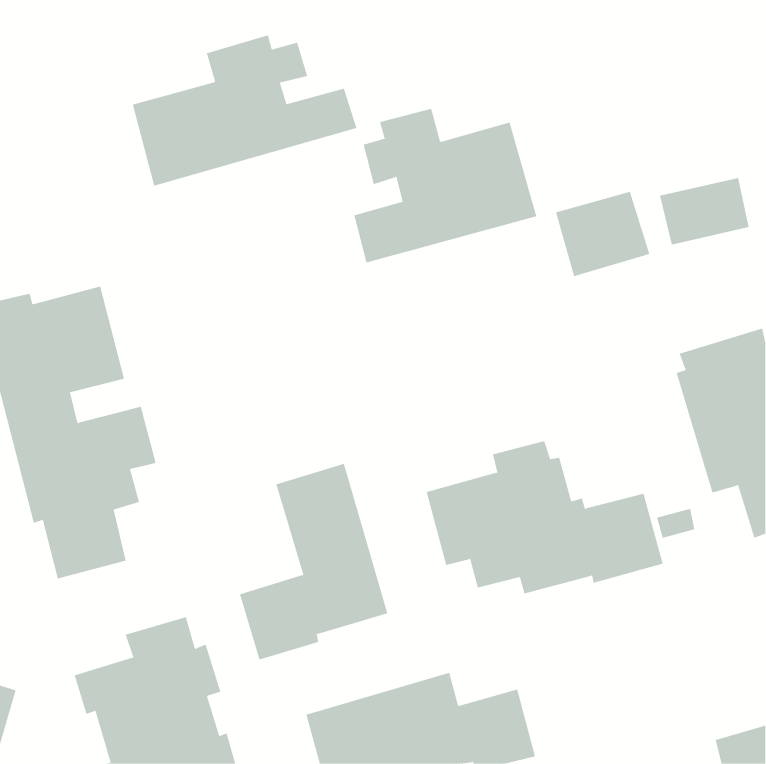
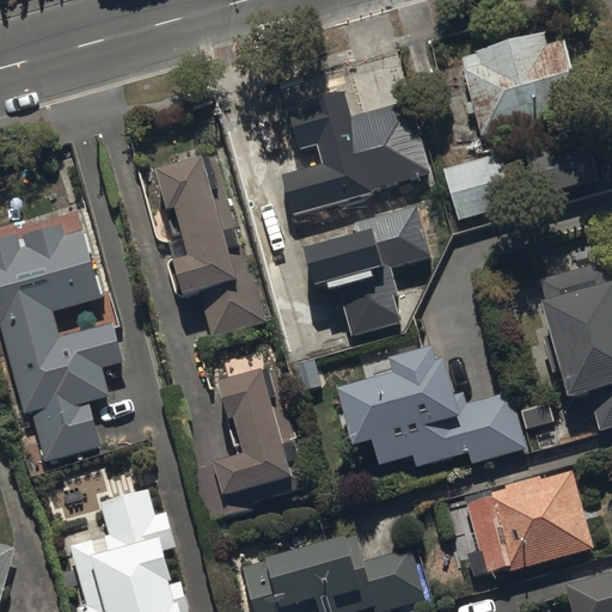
building: [132,35,357,186] -> none
building: none -> [458,33,582,141]
building: none -> [154,154,255,337]
building: none -> [301,202,427,332]
building: none -> [467,475,594,576]

